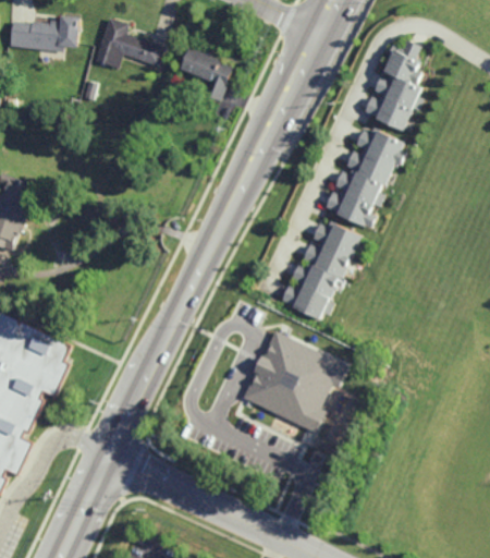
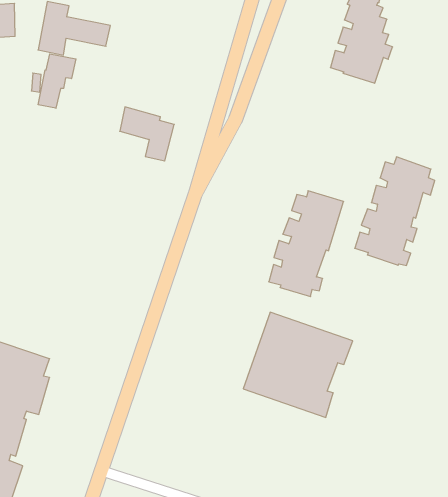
building: [181,47,232,101] -> [120,107,174,161]
building: none -> [38,54,76,108]
building: [322,129,404,230] -> [355,157,435,265]

